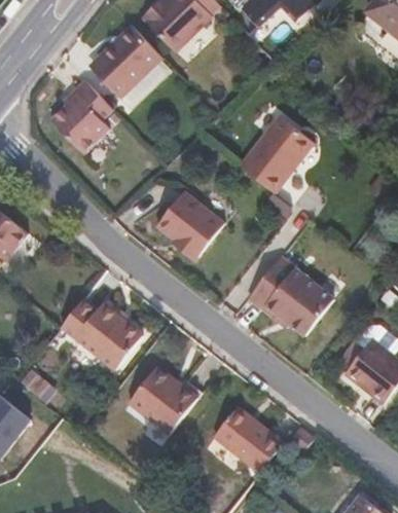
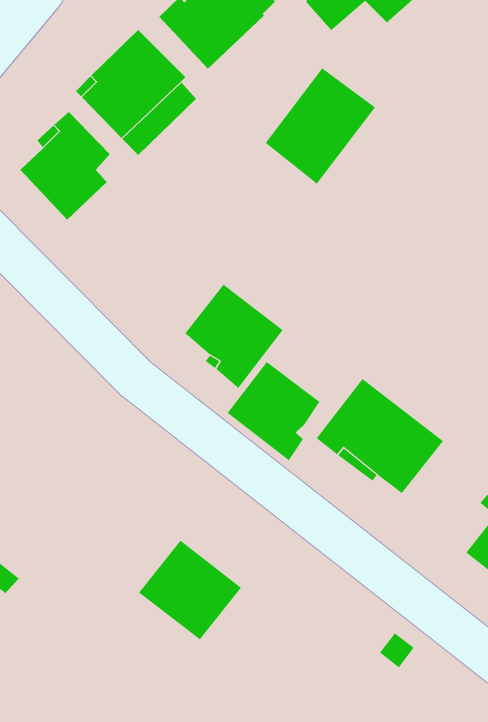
building: [239,115,313,193] -> [265,67,376,185]
building: none -> [227,361,320,461]
building: [61,297,142,369] -> none
building: [214,407,283,473] -> none

